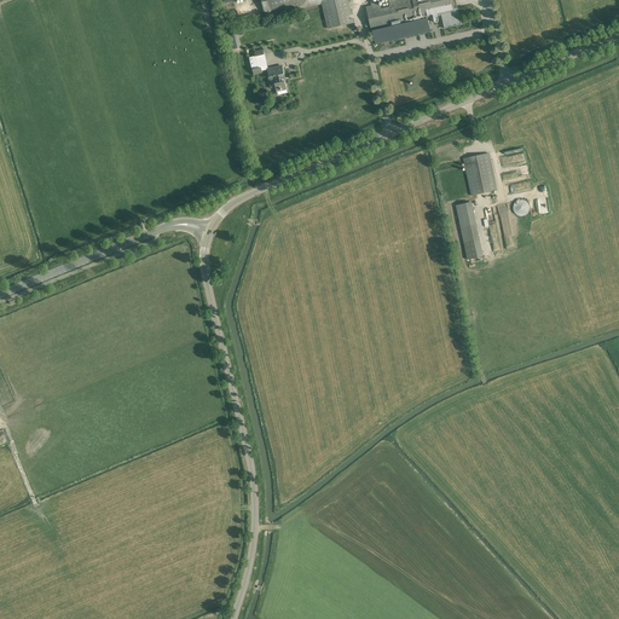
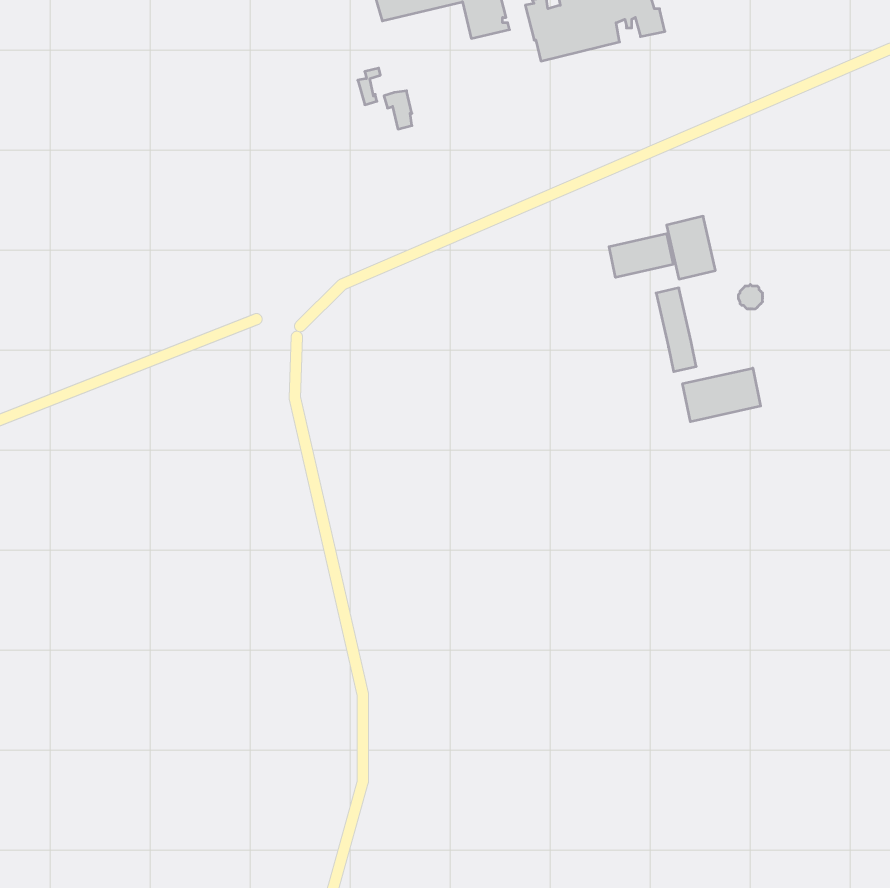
building: none -> [609,234,673,277]
building: none -> [683,368,761,422]

